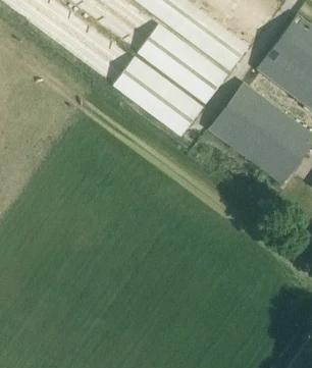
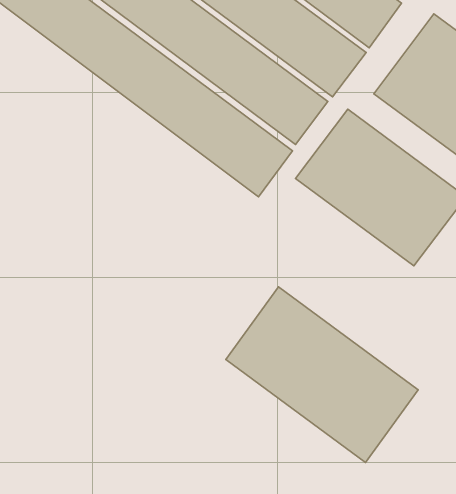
building: none -> [226,287,418,463]

